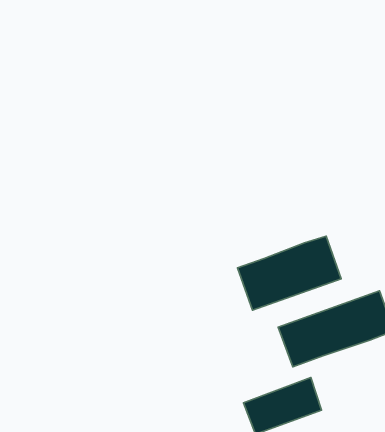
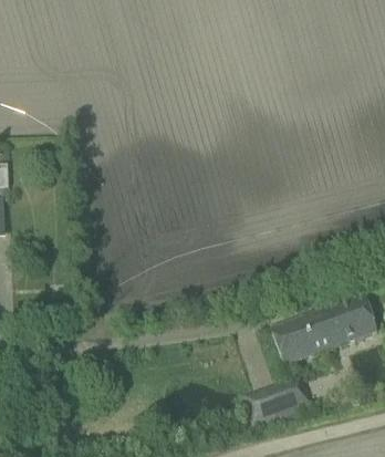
building: [238,236,341,310] -> none

